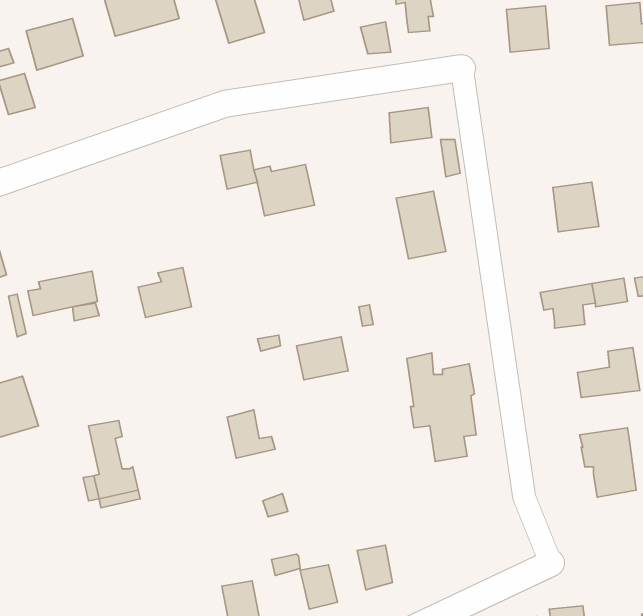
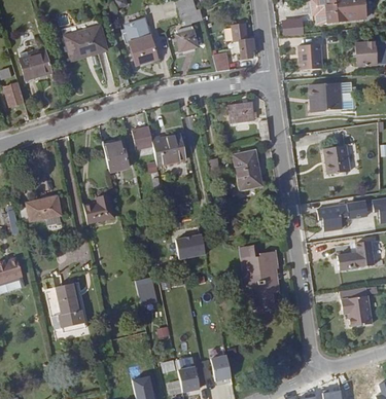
building: none -> [311,82,343,112]
building: none -> [104,141,130,172]

